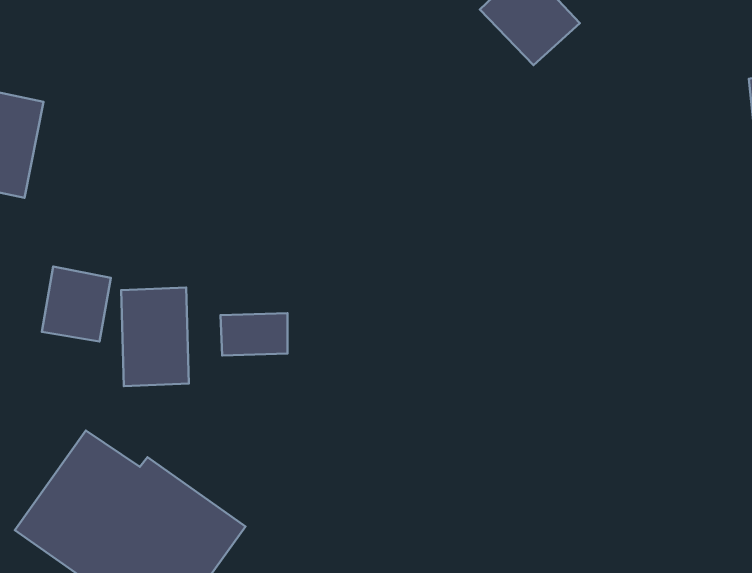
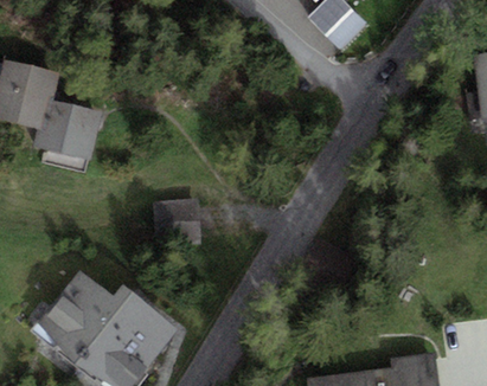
building: [42,266,111,341] -> [44,110,86,156]
building: [121,288,189,386] -> none

